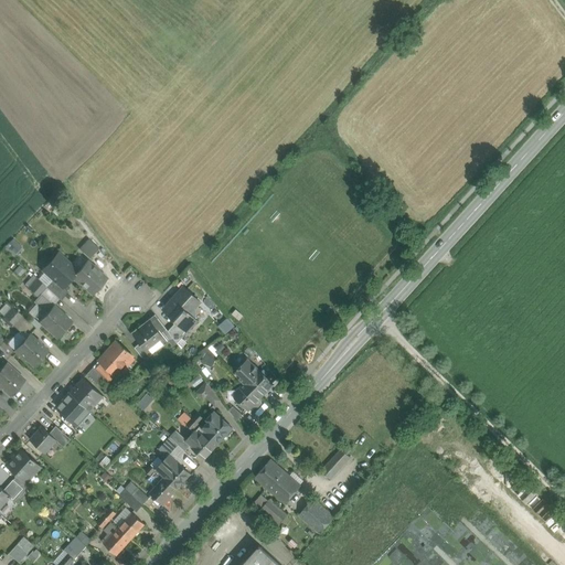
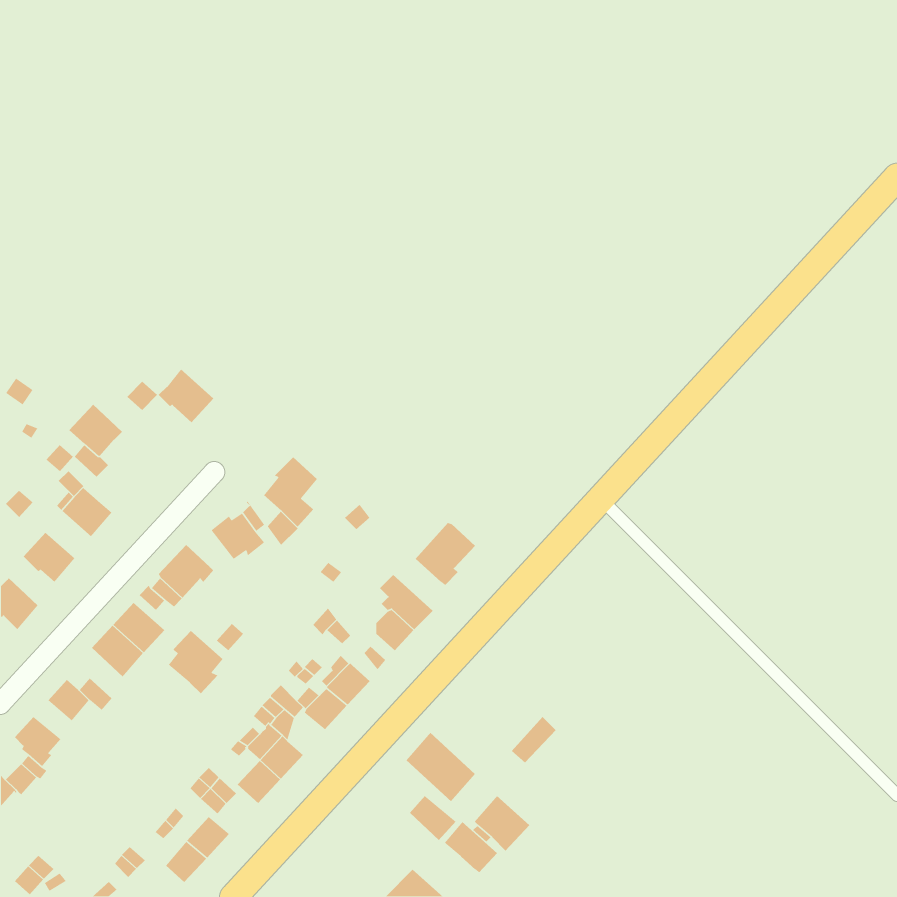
building: [72,260,107,295] -> [158,369,214,423]
building: none -> [415,522,476,586]
building: none -> [168,630,224,694]
building: none -> [444,821,498,873]

